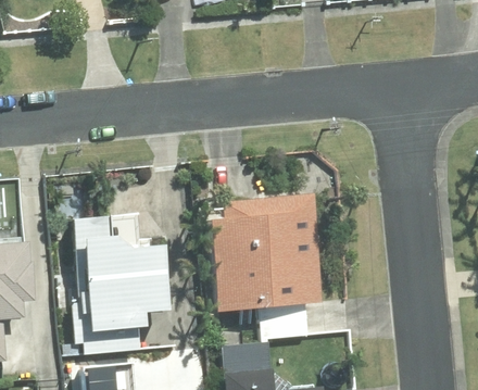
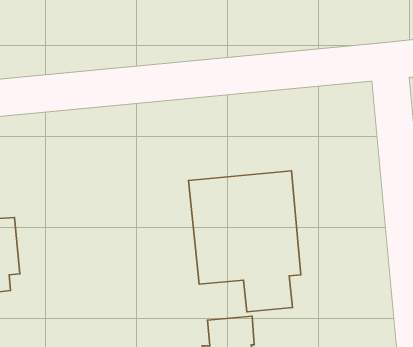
building: [73,216,163,354] -> none

